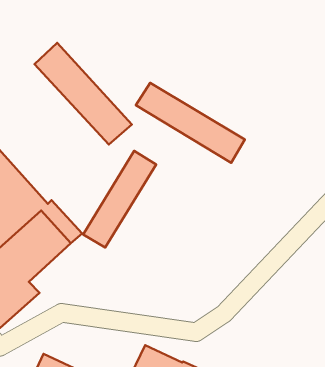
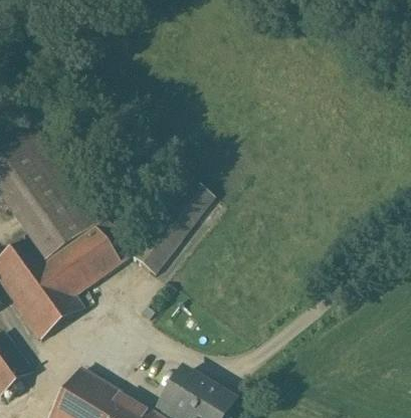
building: [34,43,132,144] -> none
building: [136,83,245,163] -> none

